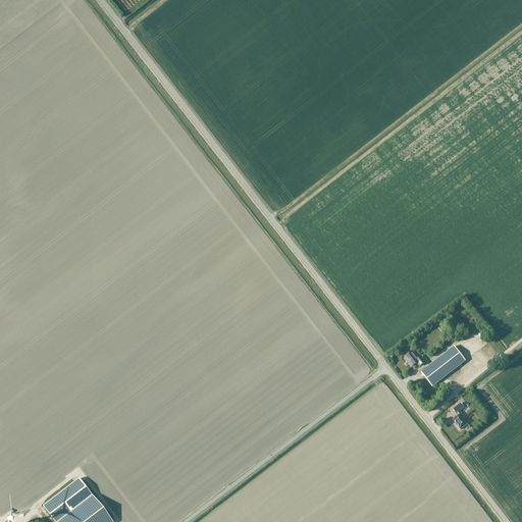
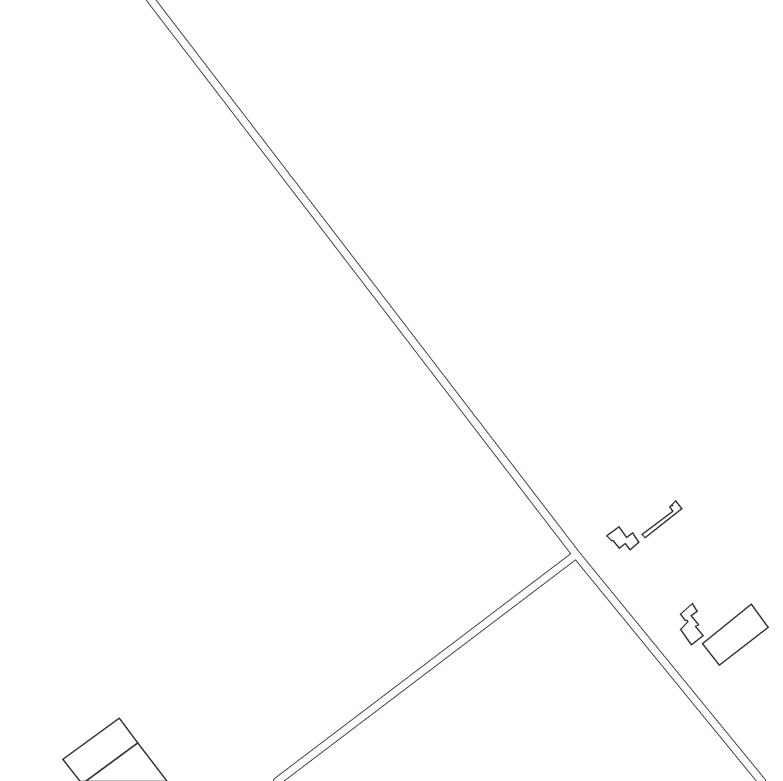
building: [421,346,465,386] -> [702,604,768,665]

